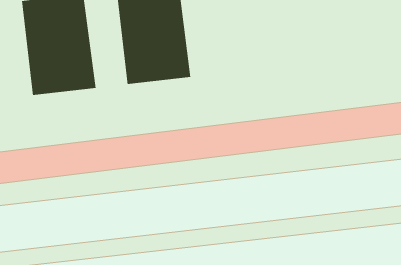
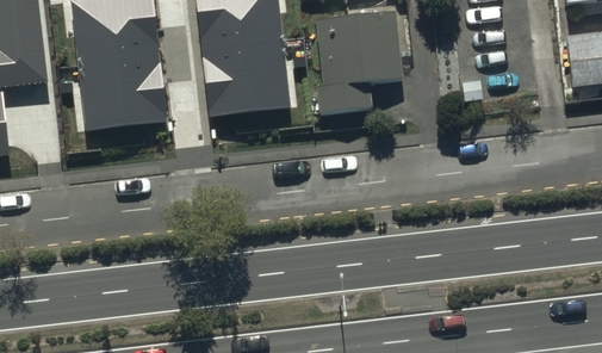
building: none -> [315,13,403,117]

